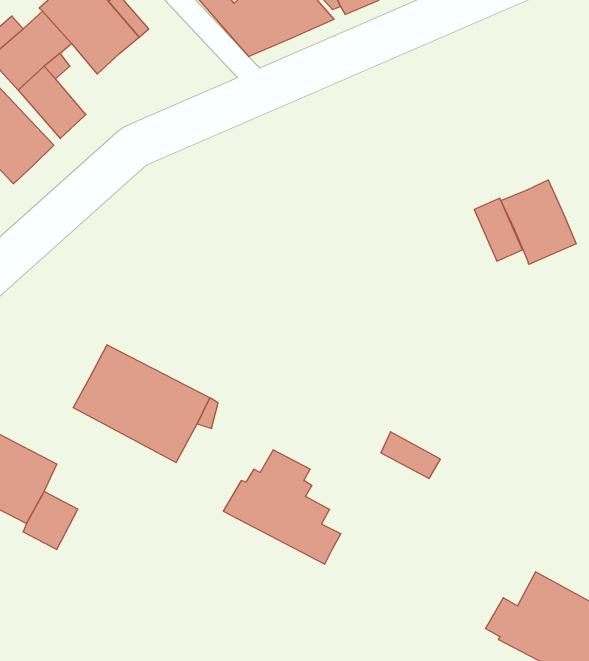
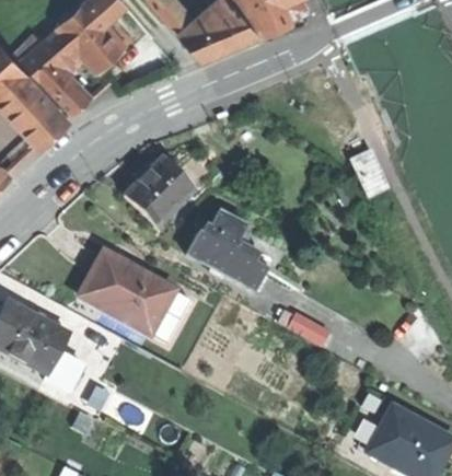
building: [501,180,576,264] -> none
building: none -> [127,156,196,225]
building: [223,450,341,564] -> [186,212,266,290]

